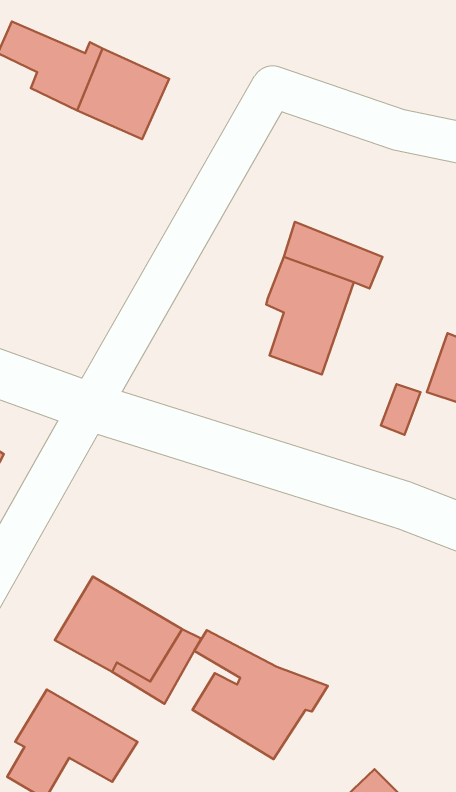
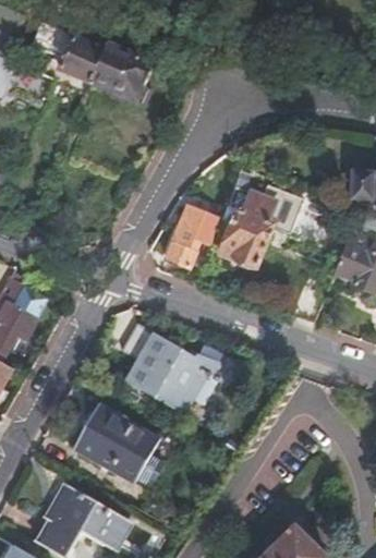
building: none -> [167,201,219,263]
building: [193,630,328,759] -> [128,326,220,414]

